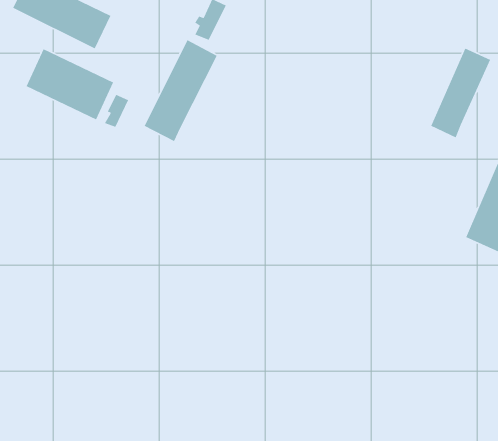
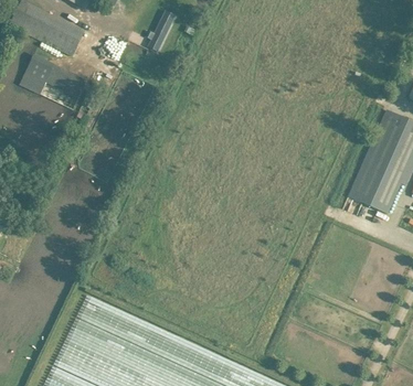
building: [144,39,218,142] -> none
building: [430,47,491,138] -> none

